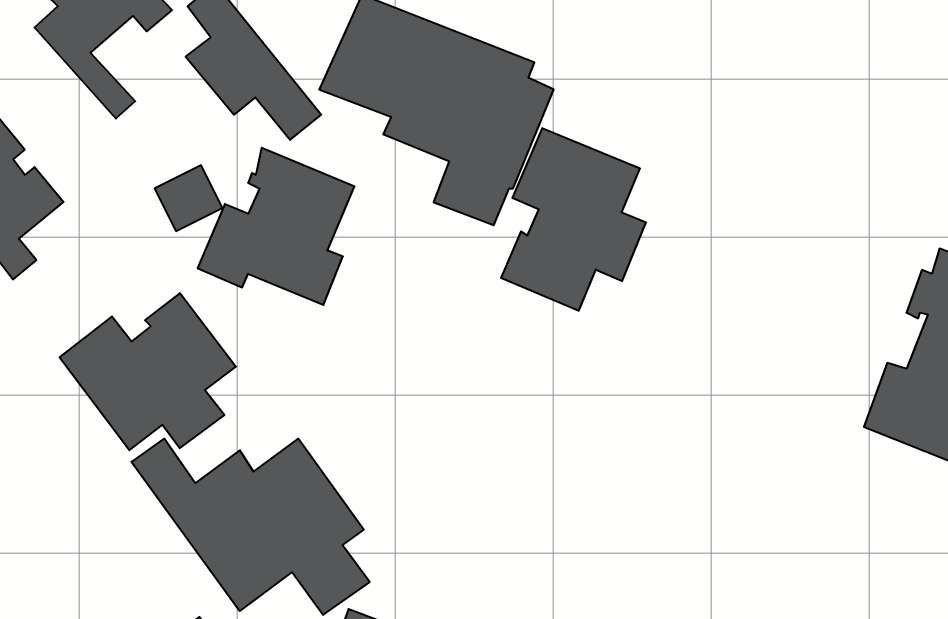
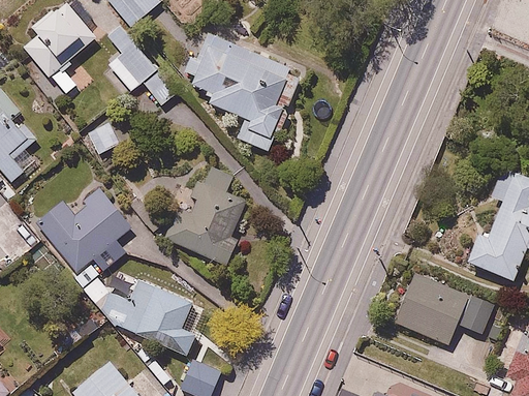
building: [501,128,646,311] -> none
building: [198,148,355,305] -> [163,181,247,265]
building: none -> [392,271,493,344]

